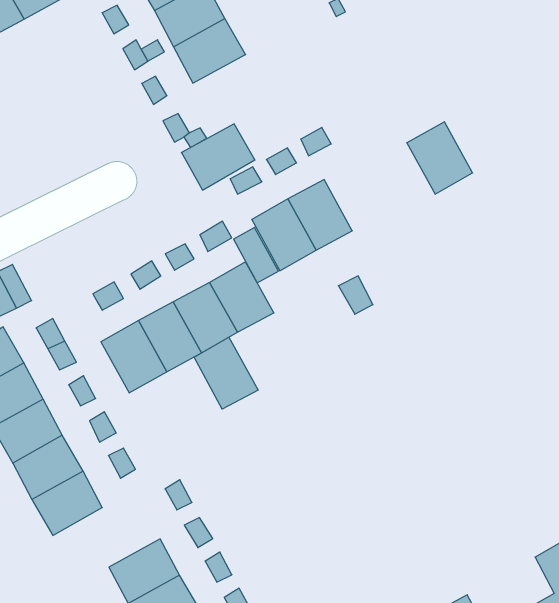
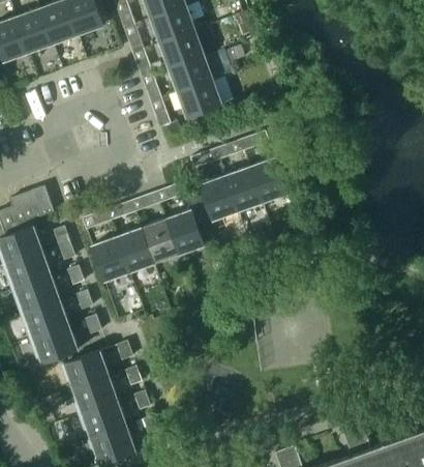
building: [407,122,473,194] -> [249,158,287,203]
building: [181,124,255,190] -> [177,81,222,119]
building: [194,337,258,409] -> none
building: none -> [64,352,109,389]

